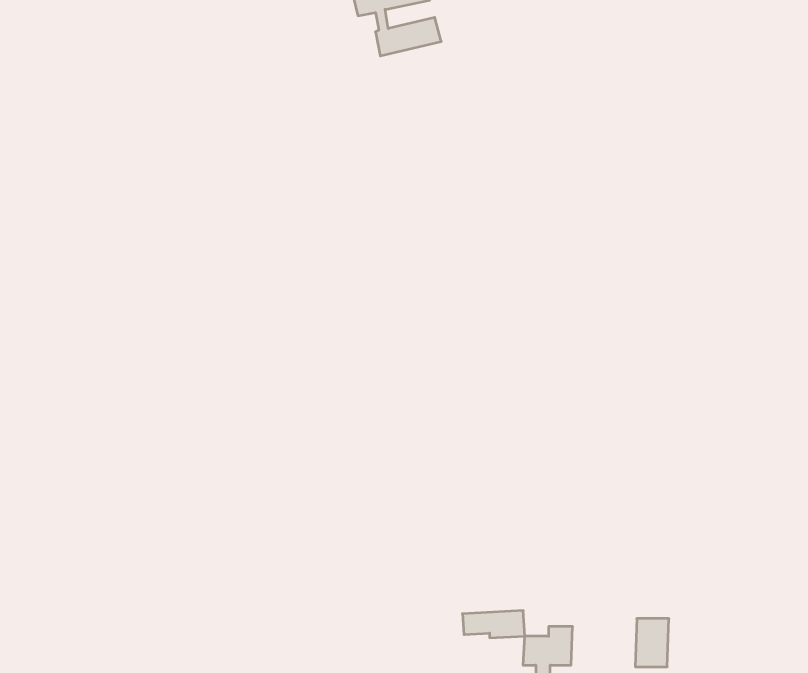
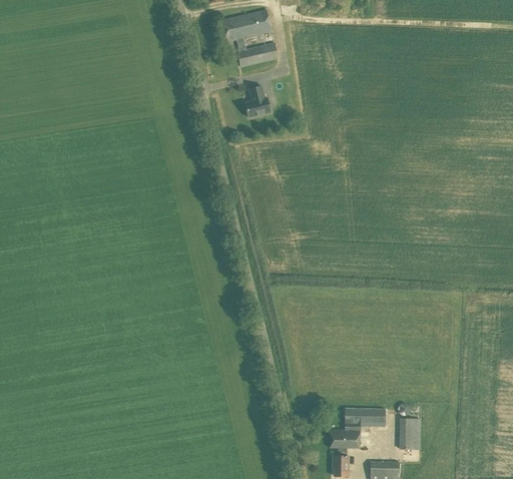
building: none -> [244,85,270,116]
building: [462,611,525,638] -> [344,408,383,425]

